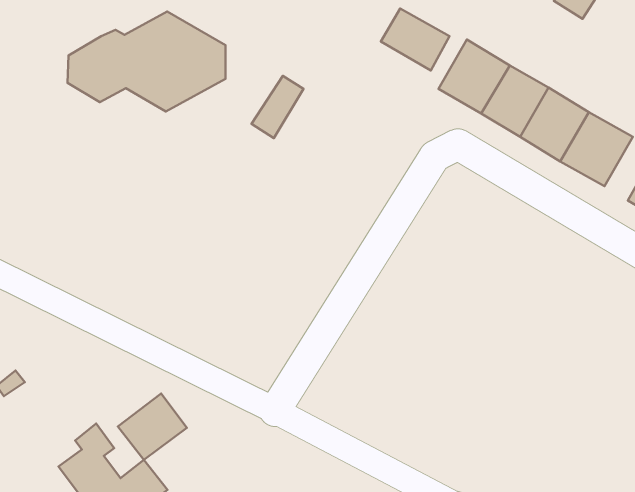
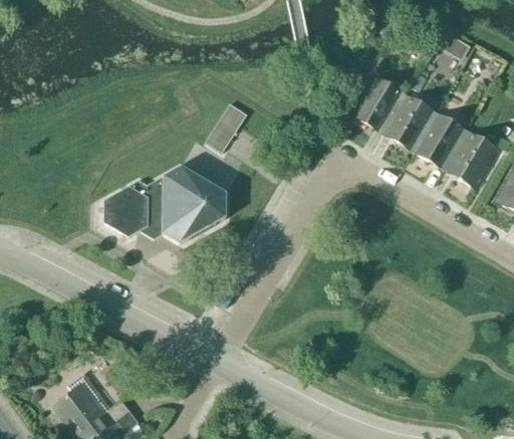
building: [381,8,450,71] -> none
building: [67,12,226,111] -> [104,166,227,243]
building: [118,393,187,460] -> none

